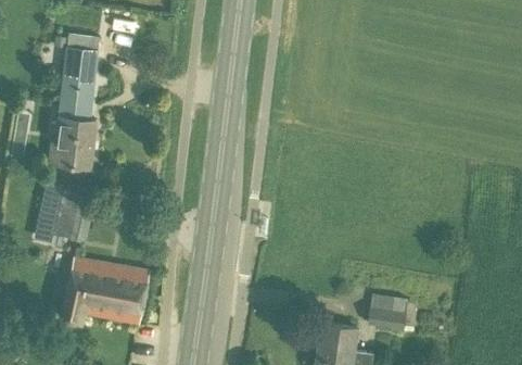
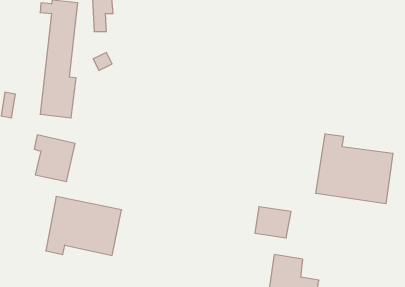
building: none -> [316,134,393,204]
building: [367,294,408,330] -> [255,207,291,238]

